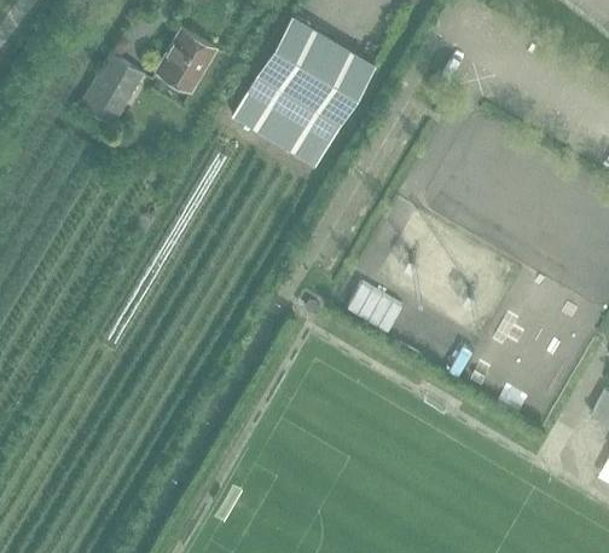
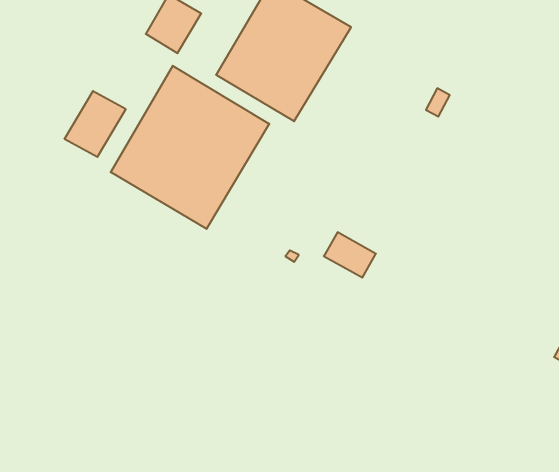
building: [80,56,145,126] -> [64,91,126,157]
building: none -> [111,66,269,229]

